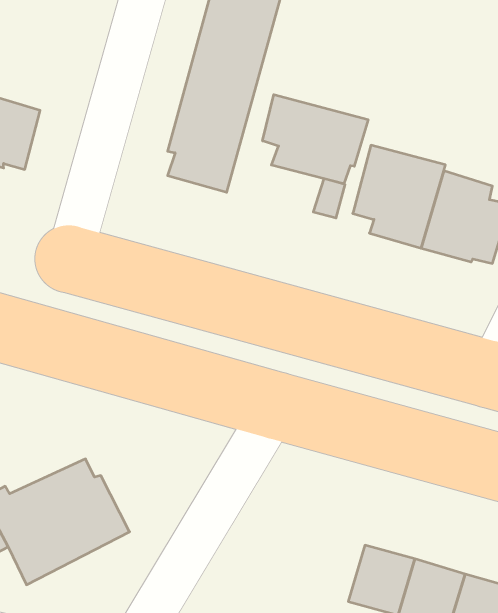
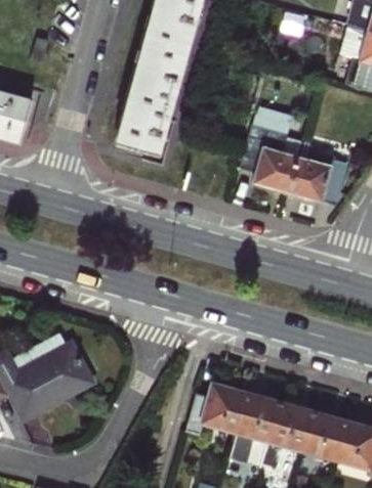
building: [263,95,368,184] -> none
building: none -> [190,385,251,435]

